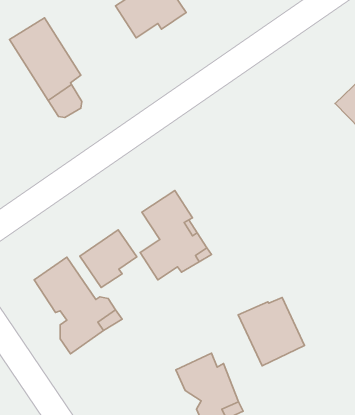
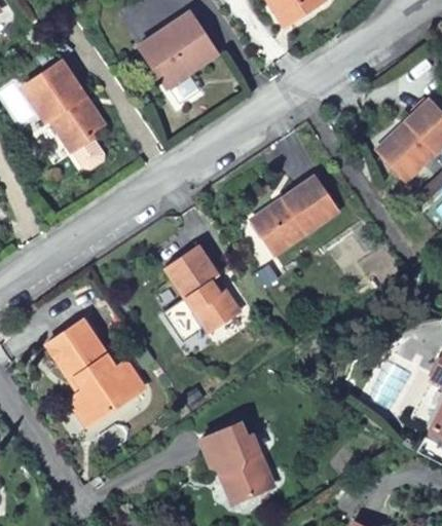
building: none -> [256,176,338,251]
building: [80,230,137,288] -> none
building: [238,297,305,366] -> none

